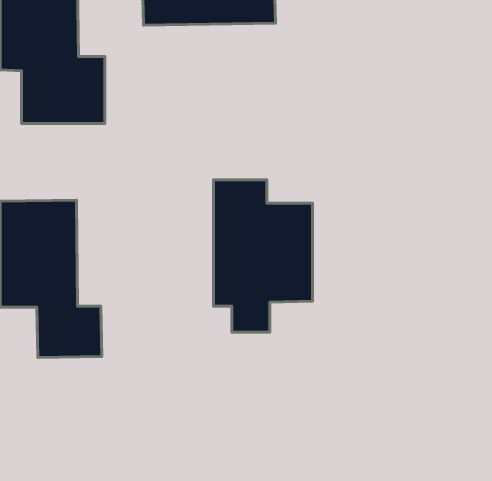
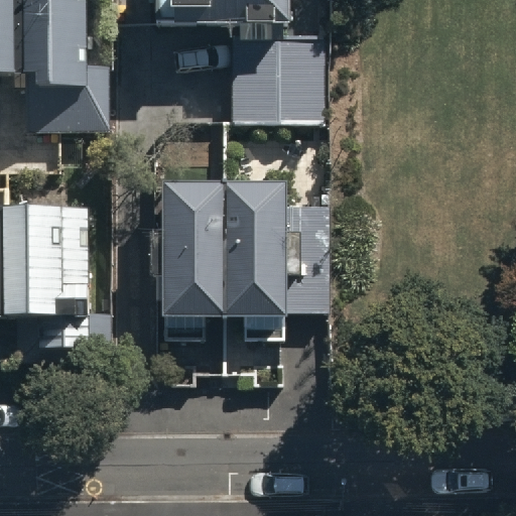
building: none -> [230,29,327,116]
building: none -> [160,186,219,344]

